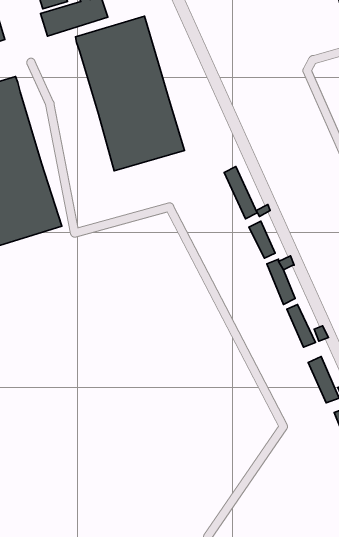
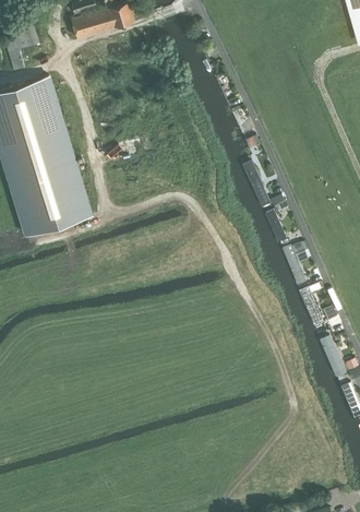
building: [75,16,185,171] -> none

